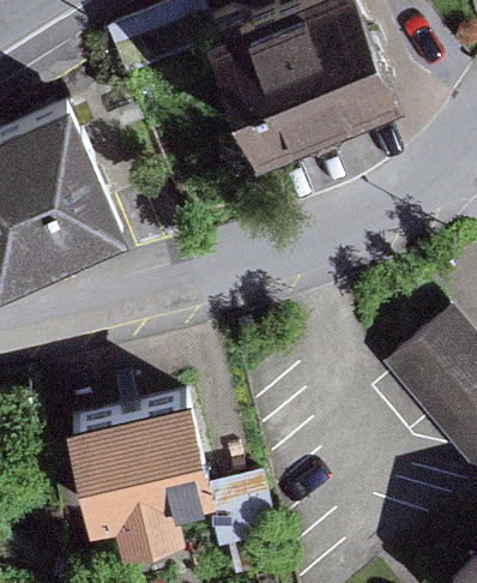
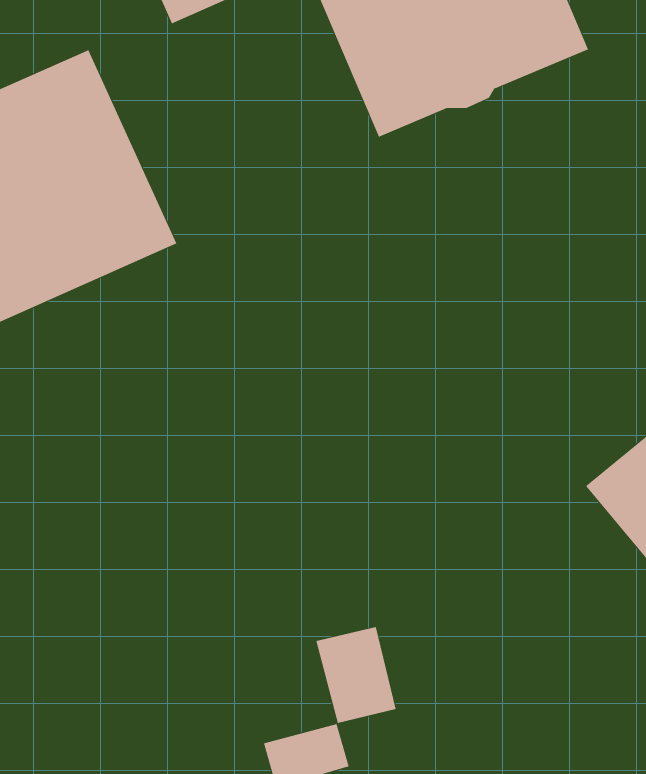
building: [65,391,212,546] -> none

